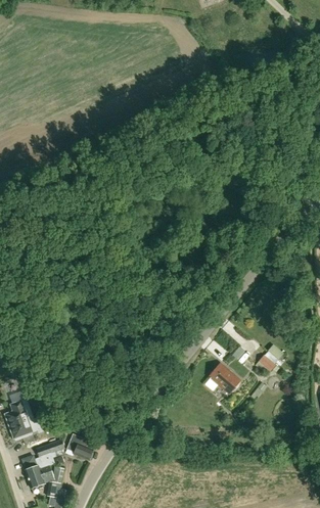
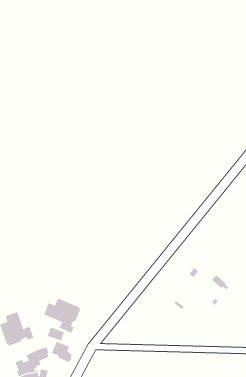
building: [209,365,240,395] -> none
building: none -> [43,297,81,333]

